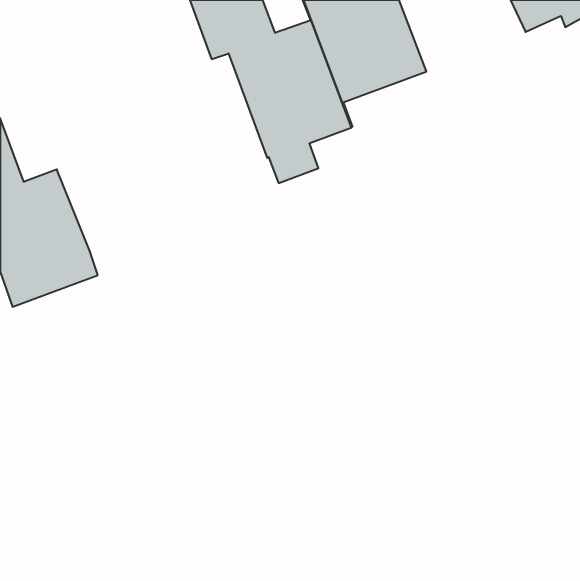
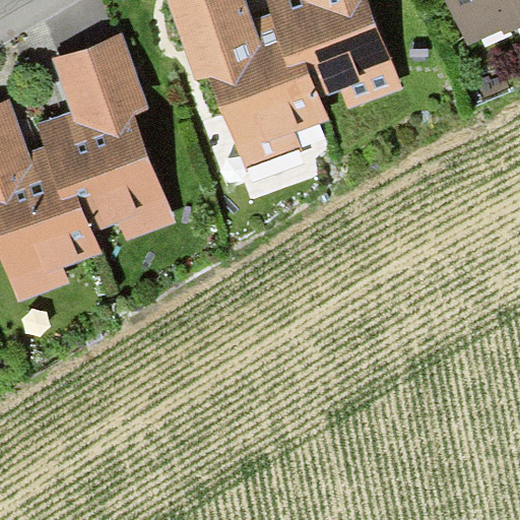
building: none -> [44,40,155,224]

